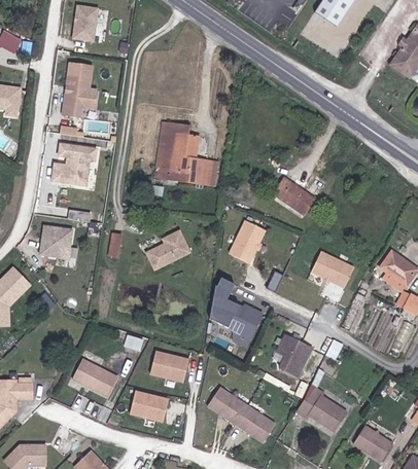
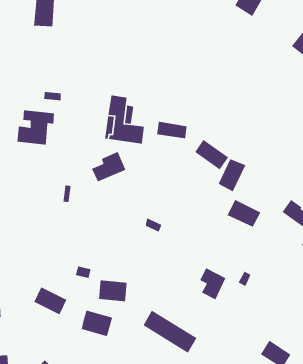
building: [61,63,94,116] -> none
building: none -> [156,121,187,139]
building: [230,221,266,263] -> [217,158,247,192]
building: [39,225,72,258] -> none
building: [148,230,193,269] -> [91,151,127,183]
building: [217,300,259,338] -> none
building: [295,385,345,431] -> none

